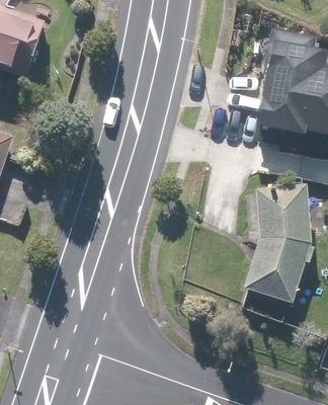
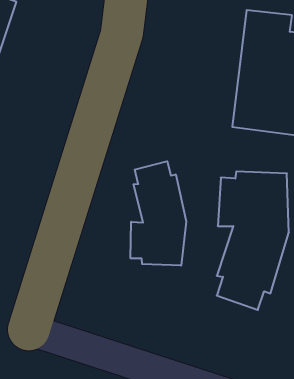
building: none -> [131,161,186,266]

